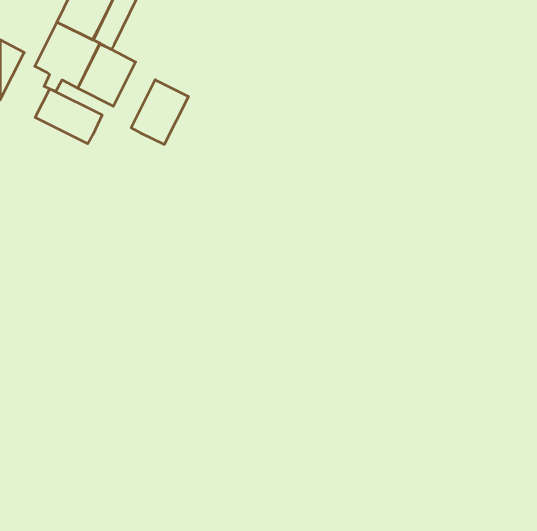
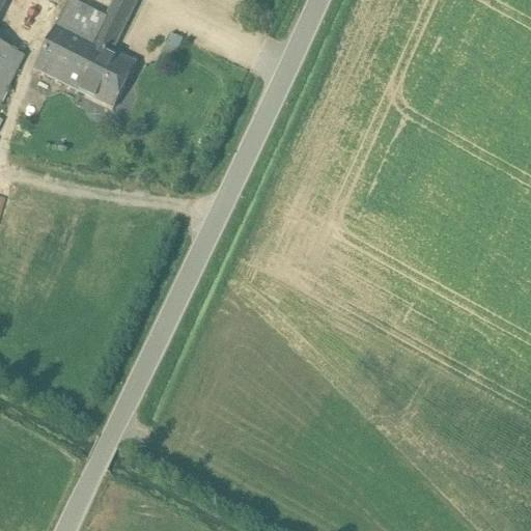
building: [131,80,188,144] -> none
building: [35,89,102,144] -> none

